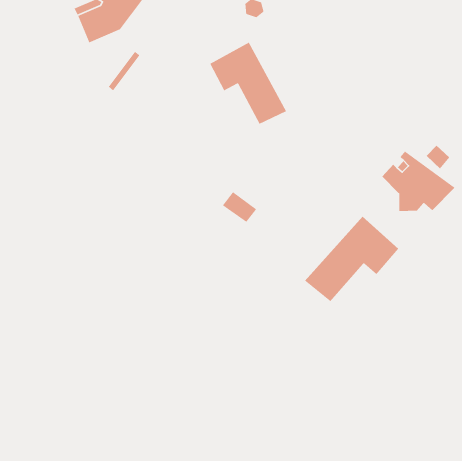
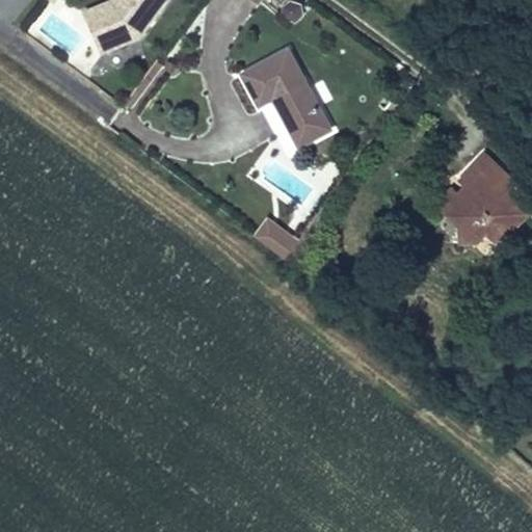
building: none -> [464,151,525,215]
building: [304,216,399,302] -> none

